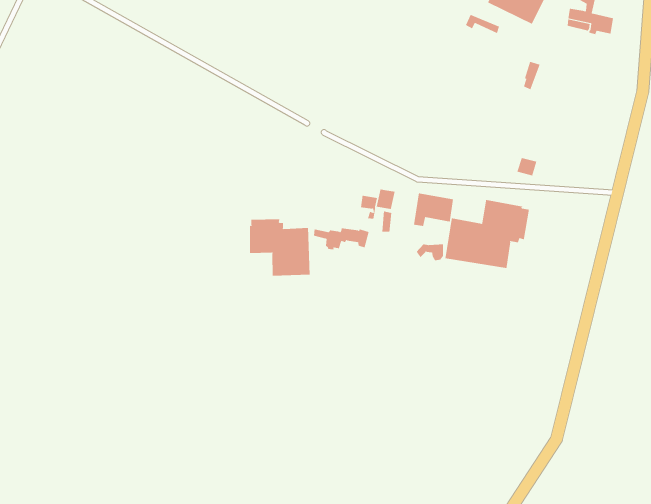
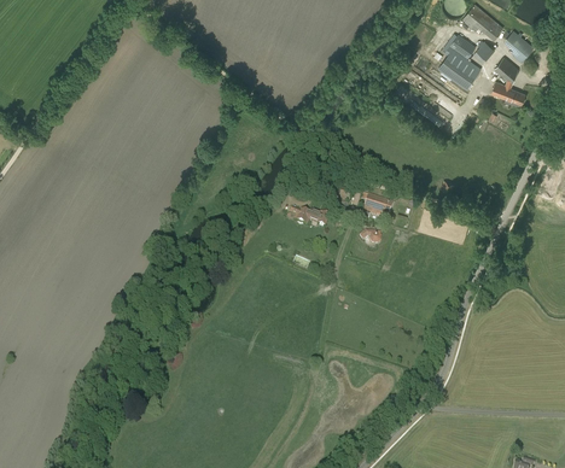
building: [445,199,530,269] -> none
building: [249,218,310,277] -> none

